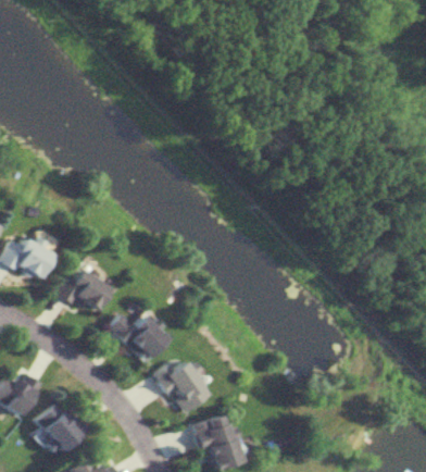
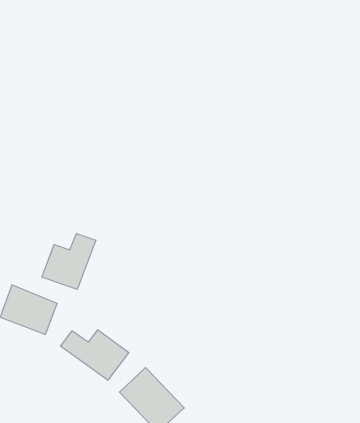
building: none -> [42,233,96,289]

